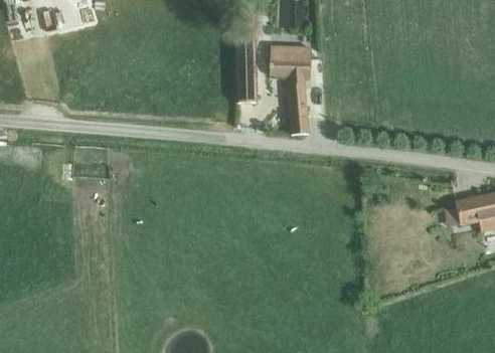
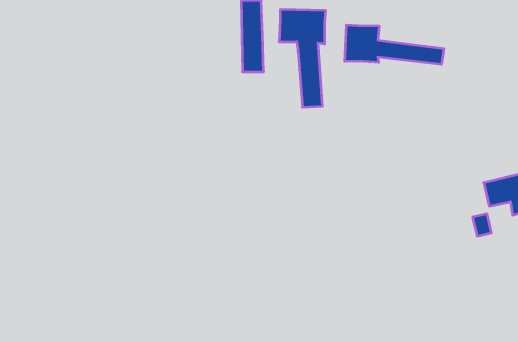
building: none -> [345,25,444,64]

